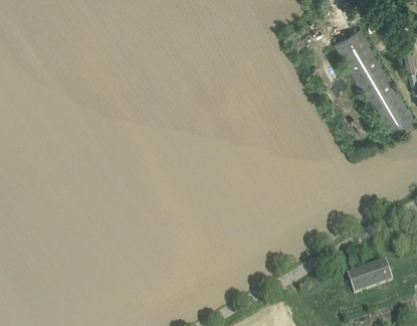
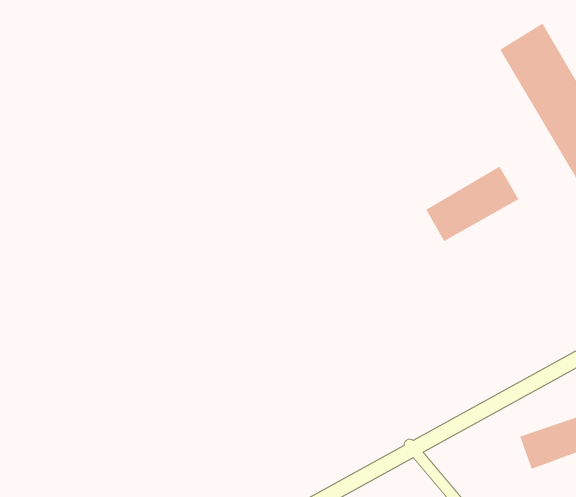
building: none -> [425,165,520,242]

